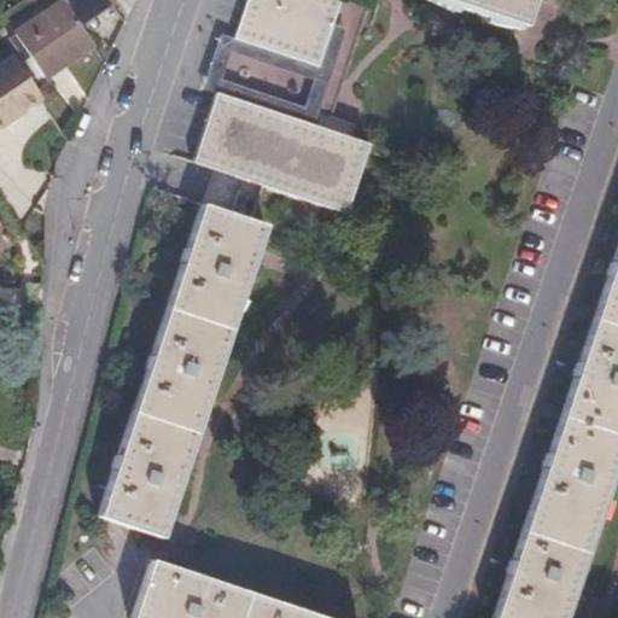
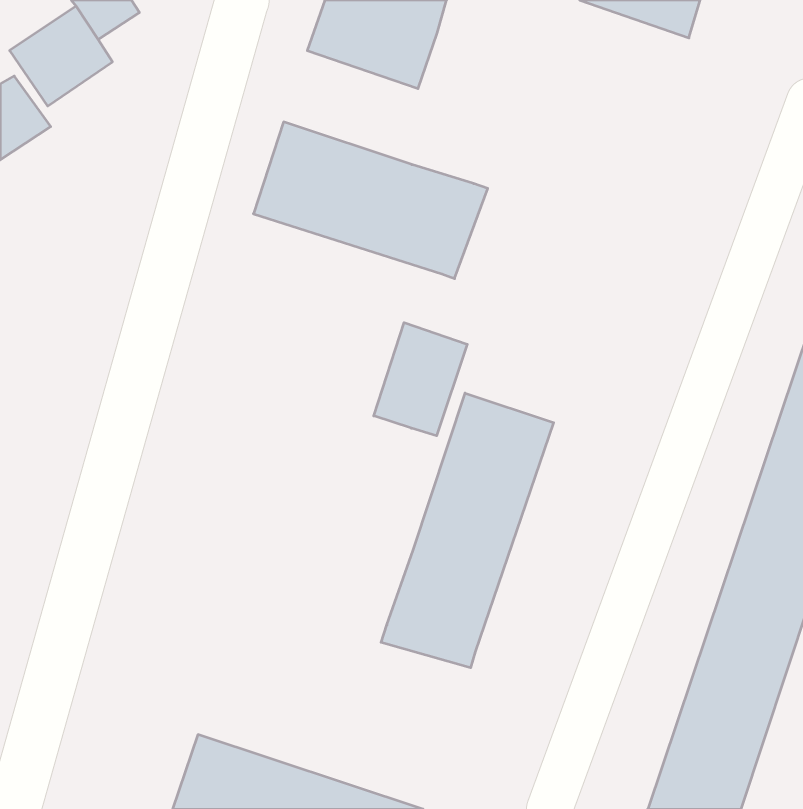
building: [208,25,351,126] -> none
building: [100,203,266,535] -> none
building: none -> [374,323,467,436]
building: none -> [381,393,554,668]

